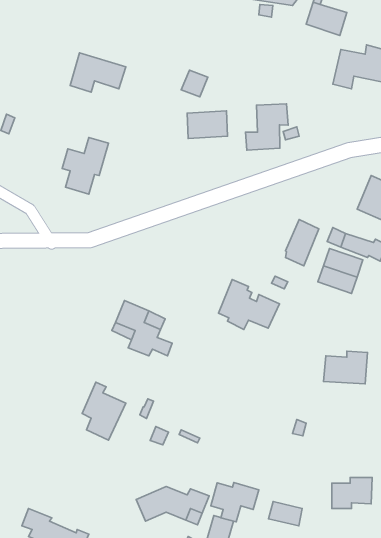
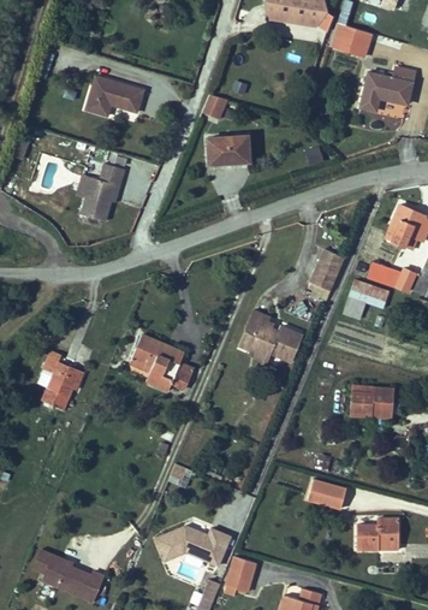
building: [245,104,288,150] -> none
building: [82,382,126,440] -> [36,350,82,410]
building: [211,482,259,522] -> none
building: [269,502,302,526] -> [310,485,345,510]

